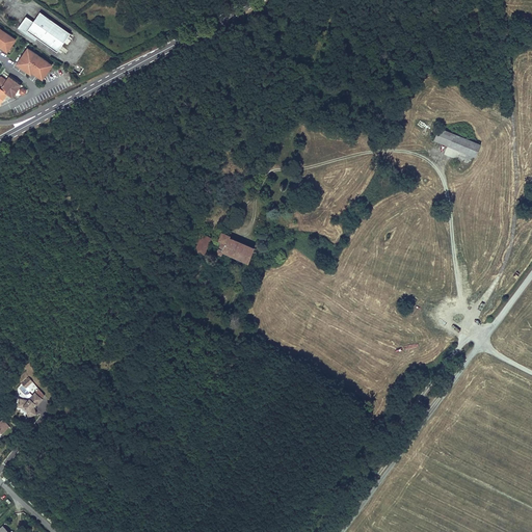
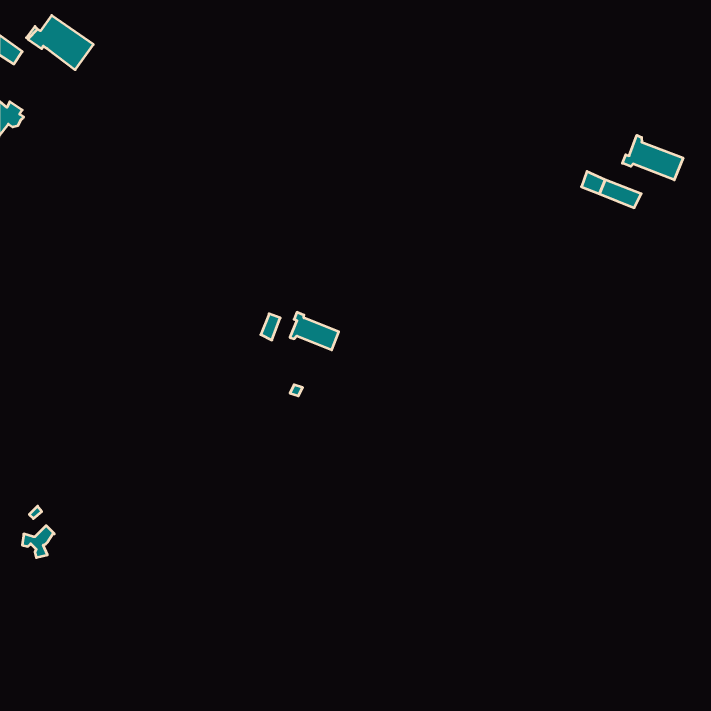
building: [19,46,54,77] -> none
building: none -> [622,135,683,180]

